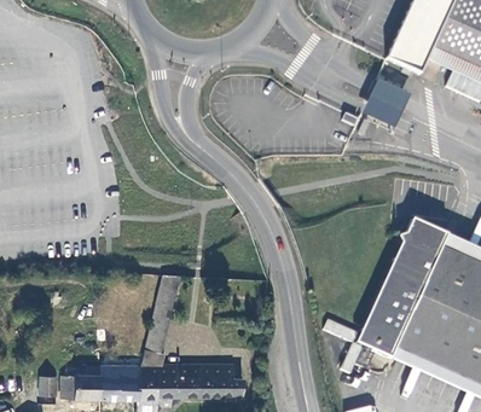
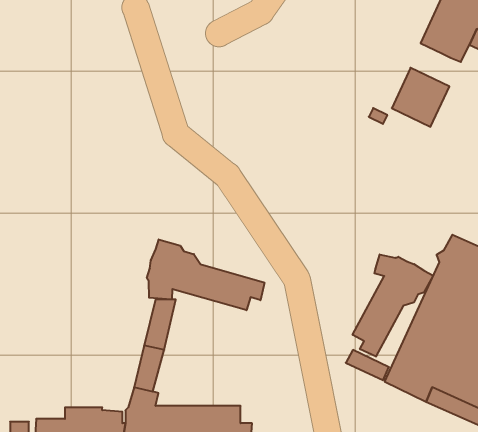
building: none -> [147,239,264,310]
building: none -> [353,254,433,357]

